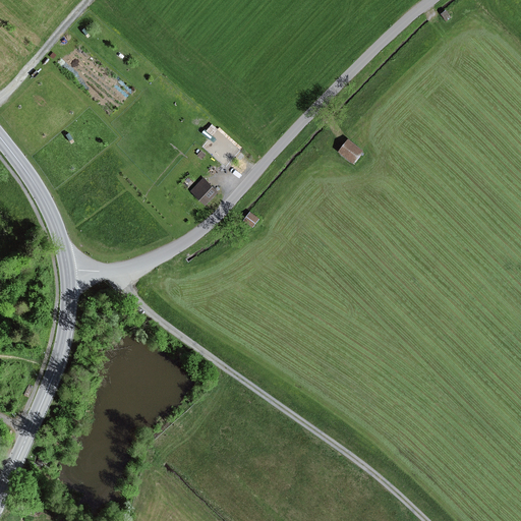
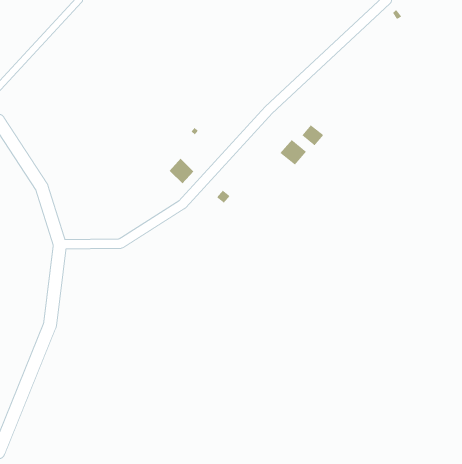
building: none -> [280,139,307,165]

